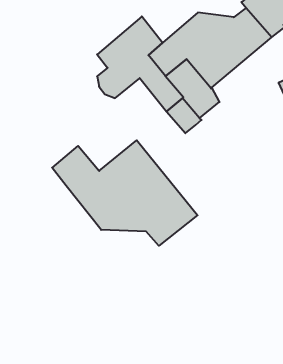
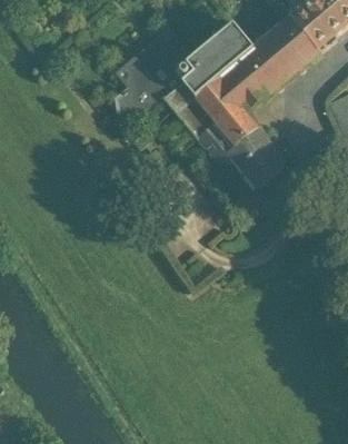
building: none -> [232,126,285,186]
building: [52,140,198,246] -> none

